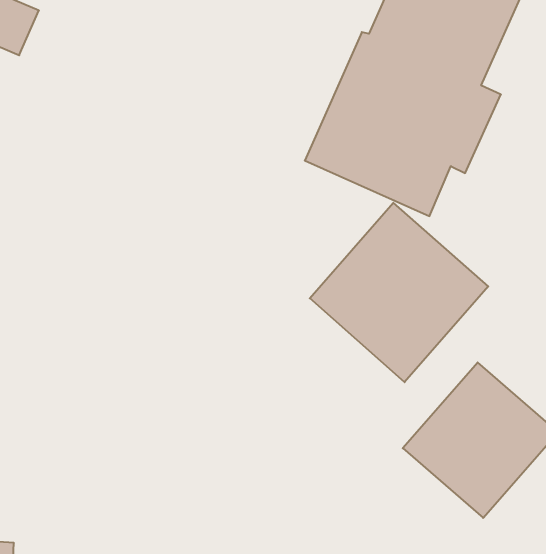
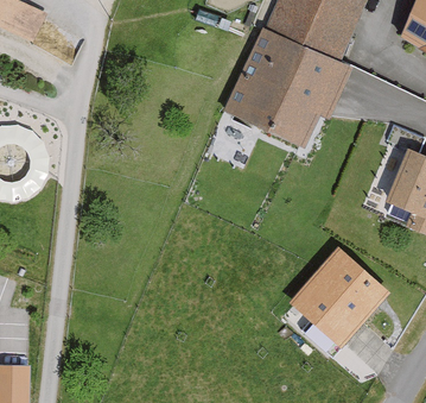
building: [310,203,488,382] -> none

